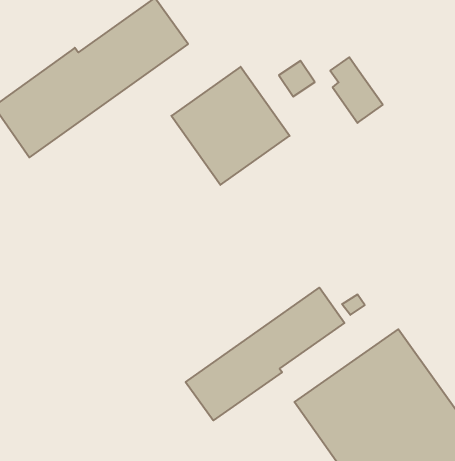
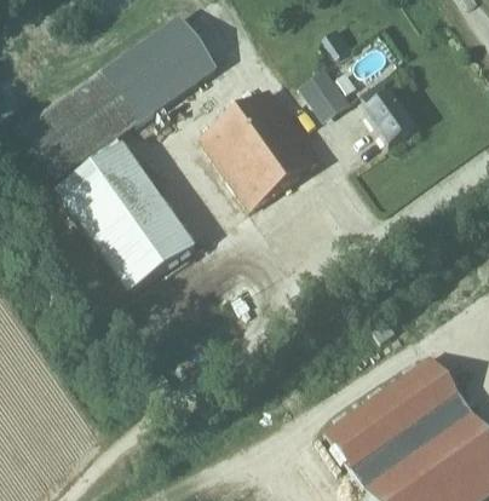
building: none -> [57,137,195,293]
building: [186,288,344,420] -> none

